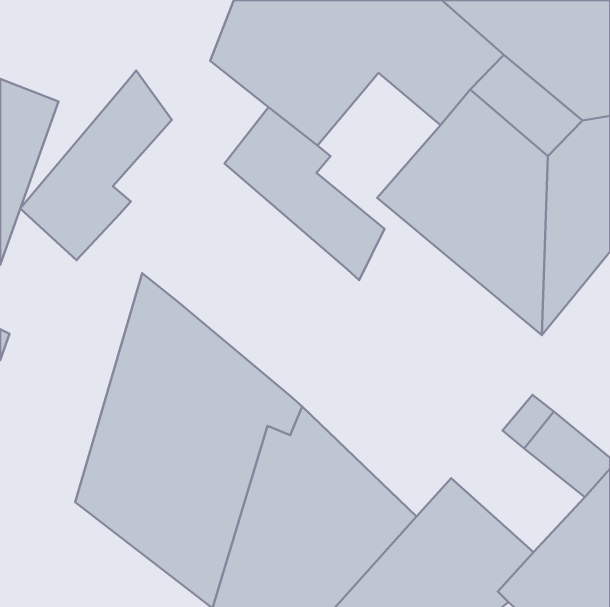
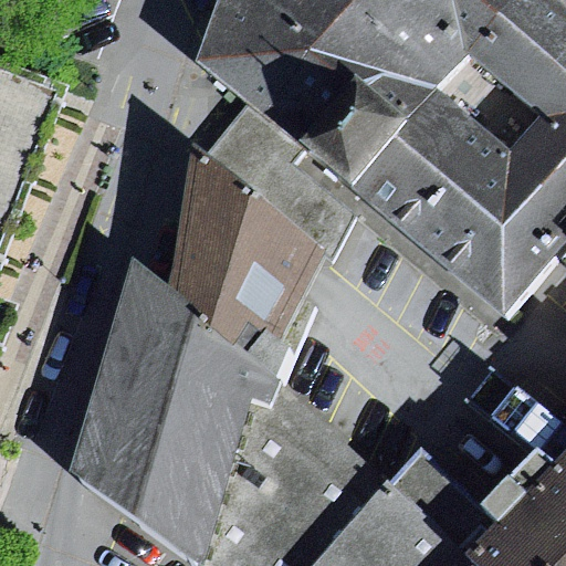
building: [20,70,172,260] -> none
building: none -> [294,70,408,186]
building: none -> [166,139,322,369]

